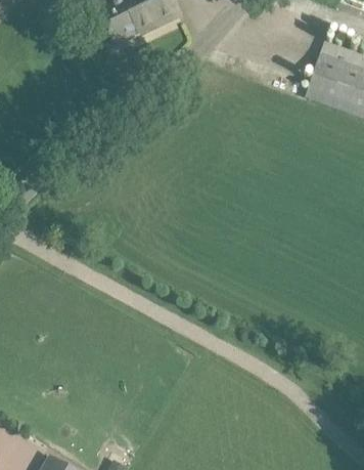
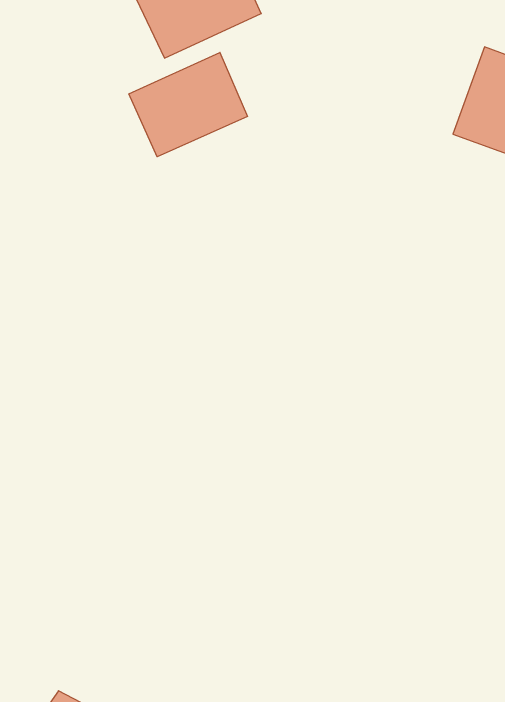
building: none -> [129,52,247,157]

